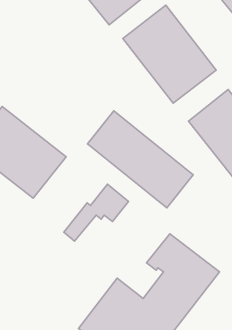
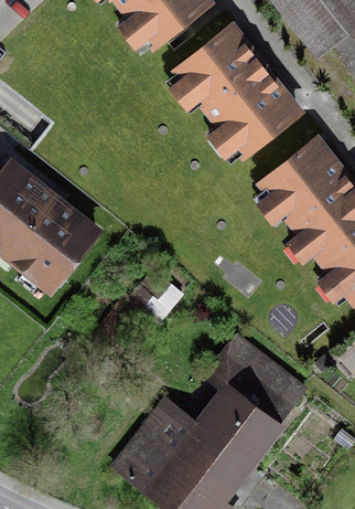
building: [87,111,193,208] -> none

